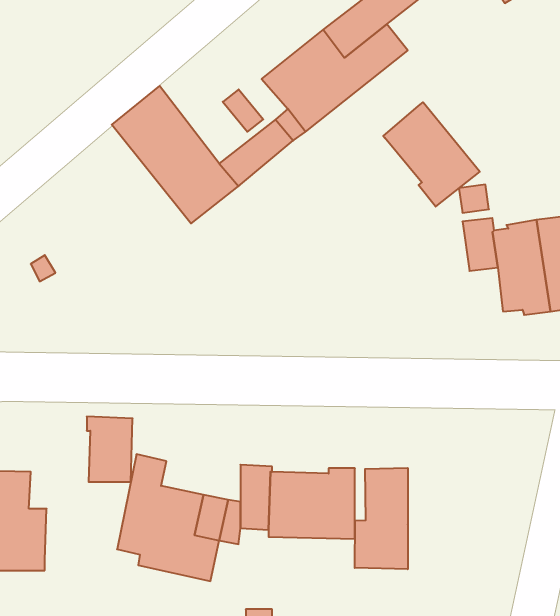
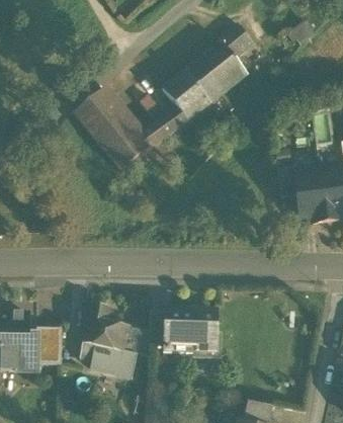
building: [383,102,480,207] -> none
building: [87,417,133,482] -> [36,327,63,364]
building: [355,468,408,569] -> none

